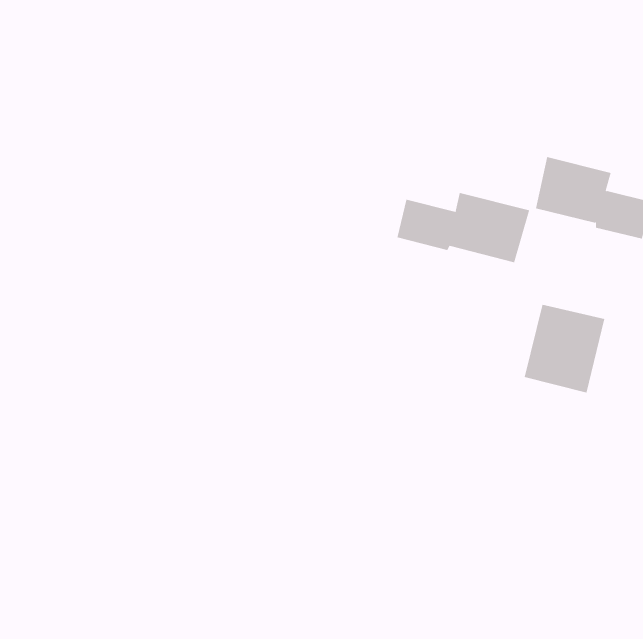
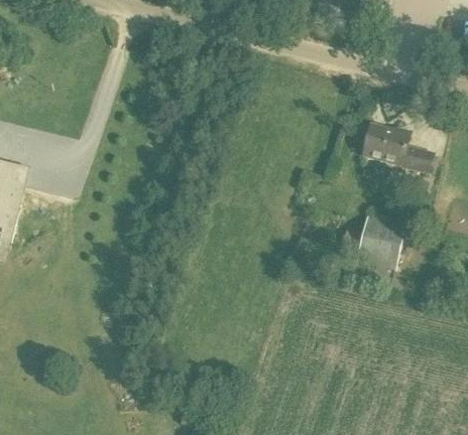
building: [397,192,530,263] -> none

